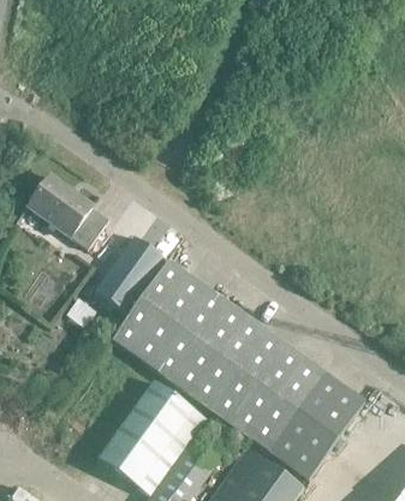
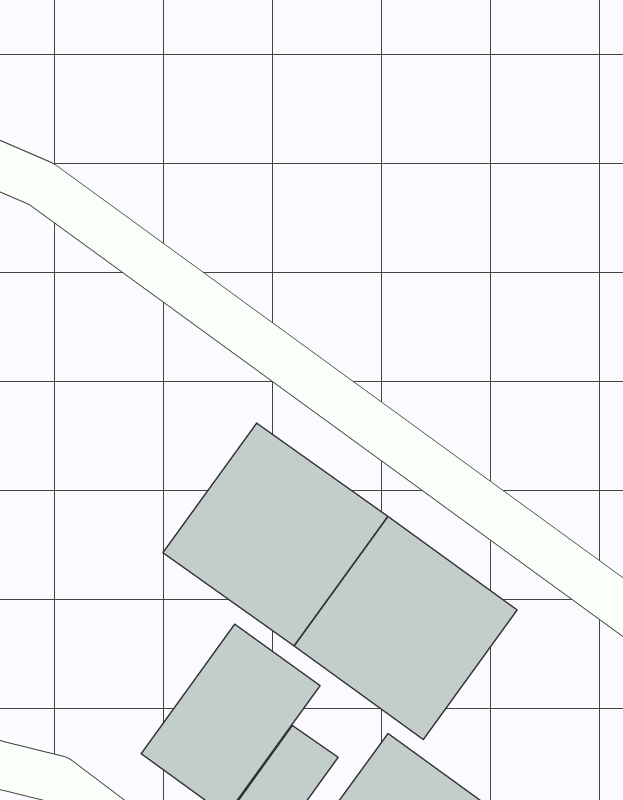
building: [28,174,109,249] -> none
building: [95,237,167,314] -> none
building: [269,372,365,479] -> none

